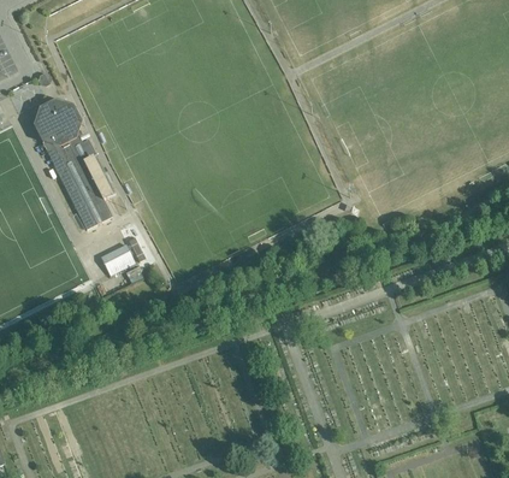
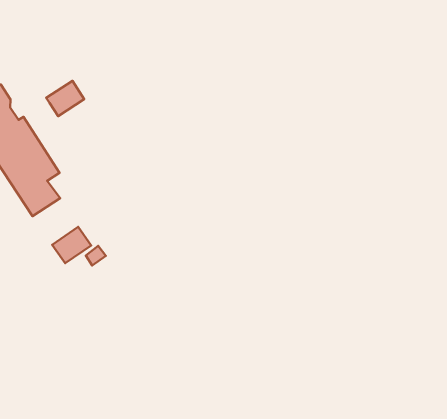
building: none -> [46,81,84,116]

